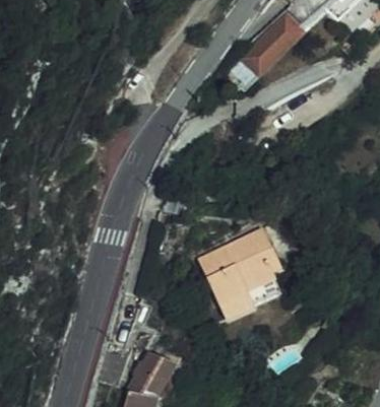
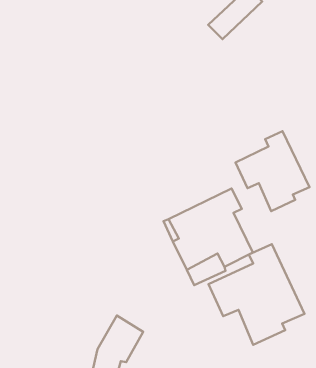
building: none -> [235,131,309,211]
building: none -> [209,244,304,345]

